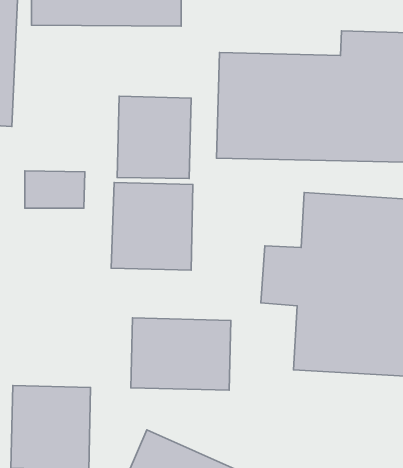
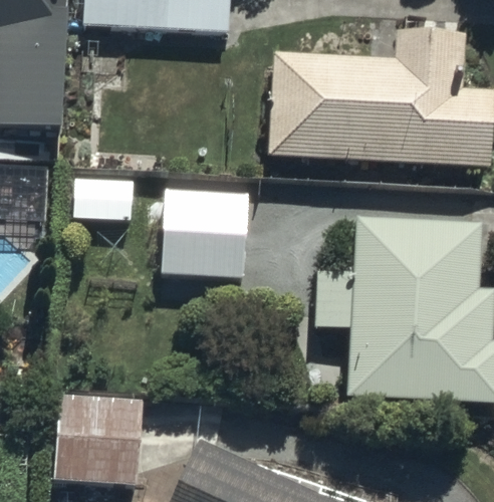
building: [117,96,191,178] -> none
building: [131,318,231,390] -> none

